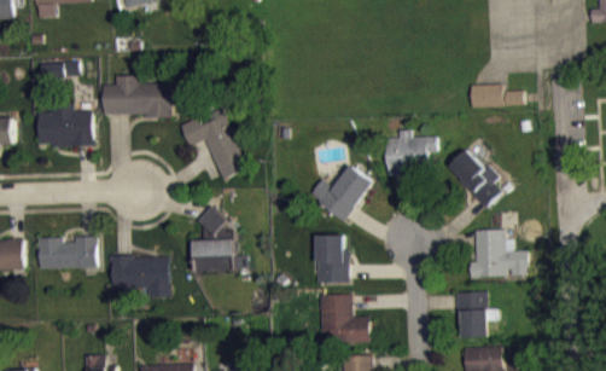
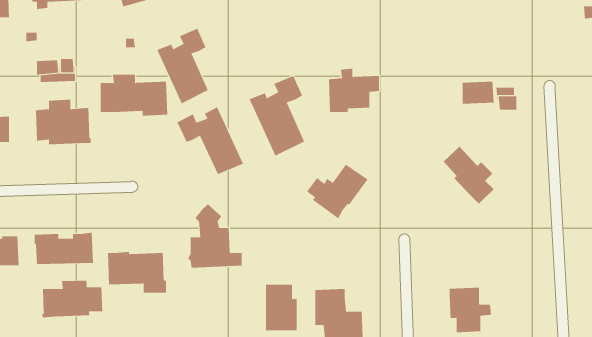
building: none -> [157,28,209,104]
building: none -> [249,75,305,157]
building: [384,129,436,174] -> [328,68,380,113]
building: [467,230,529,277] -> none
building: [315,234,348,282] -> [265,284,298,331]
building: none -> [42,280,103,318]

